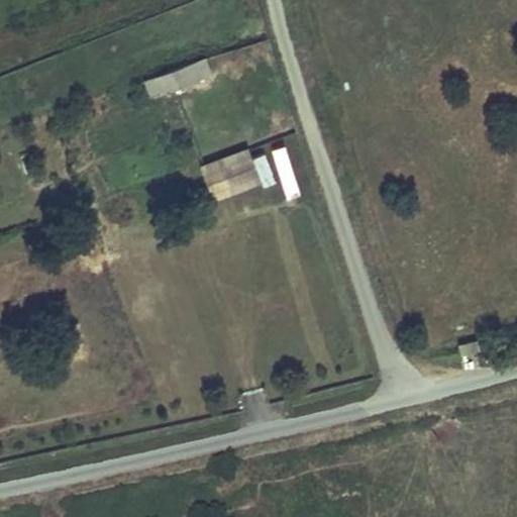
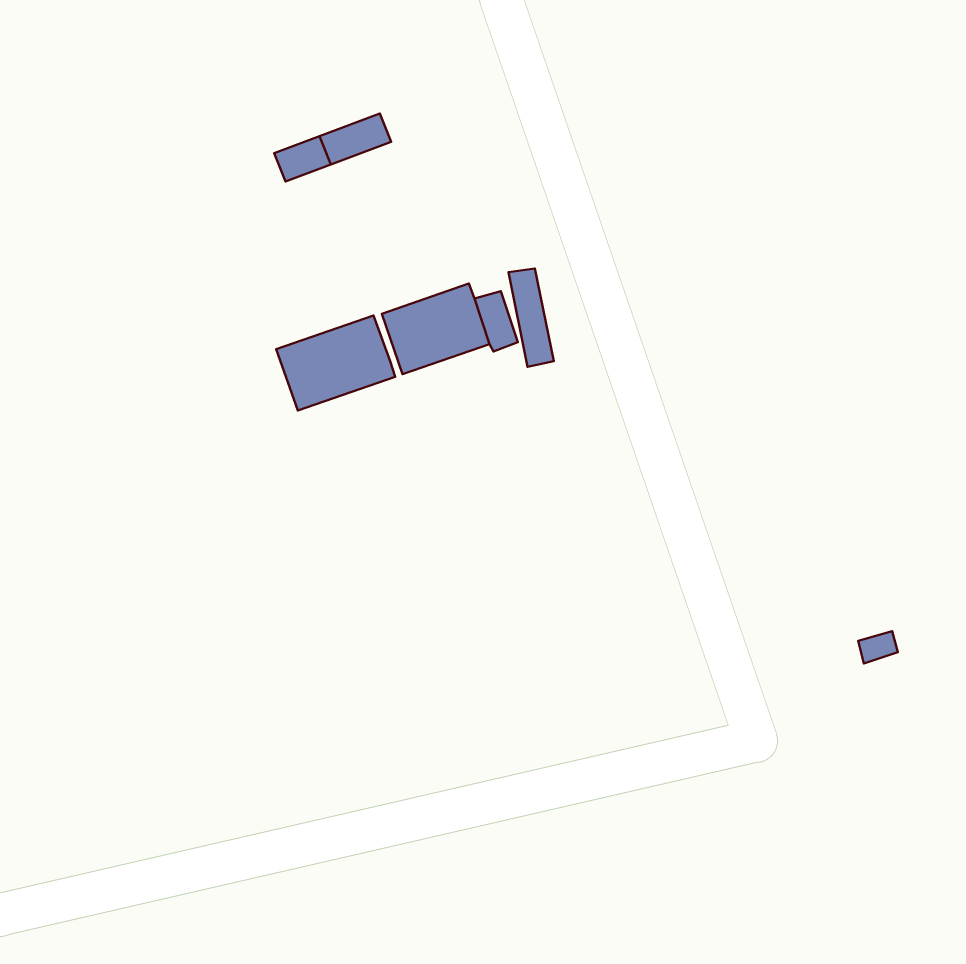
building: none -> [276,315,395,411]

